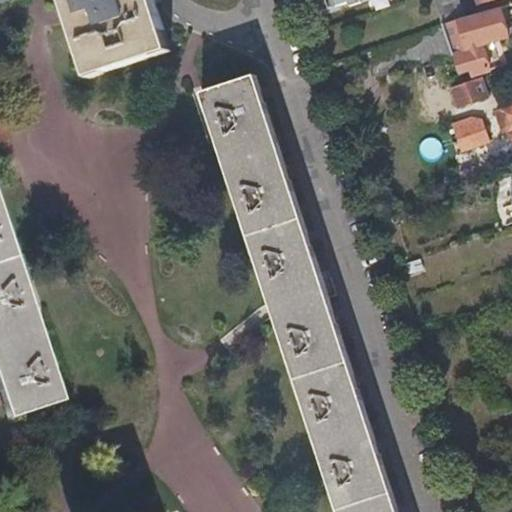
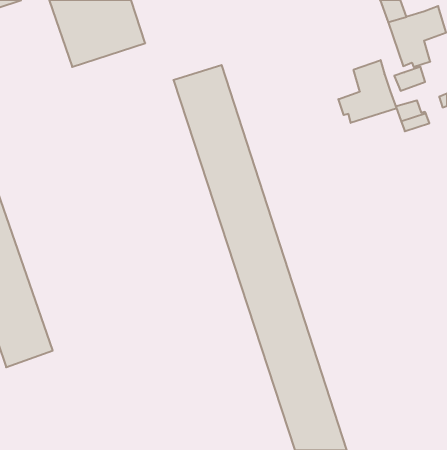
building: none -> [338,60,397,123]

